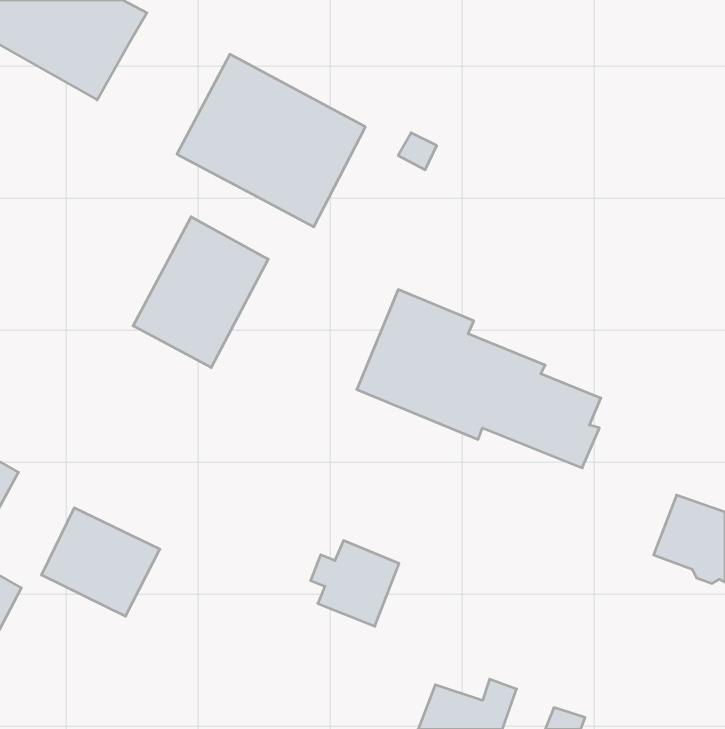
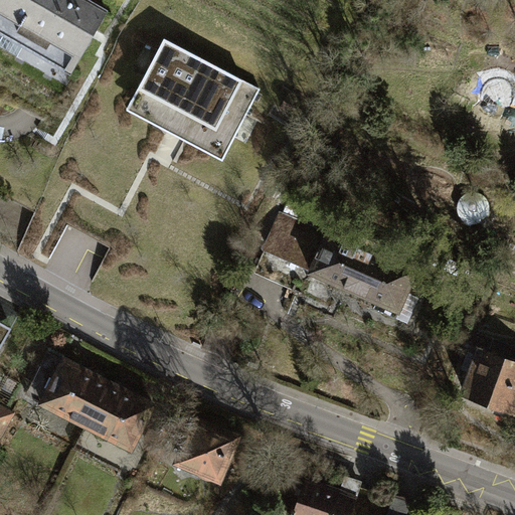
building: [133,217,268,368] -> none
building: [311,541,399,626] -> [178,431,240,491]
building: none -> [89,387,157,457]

